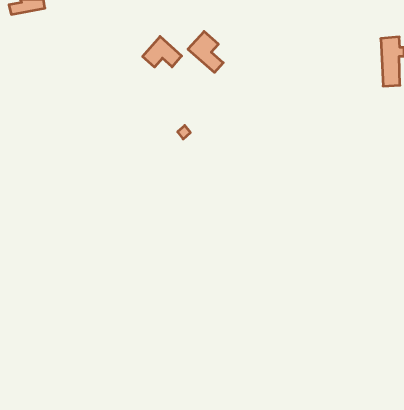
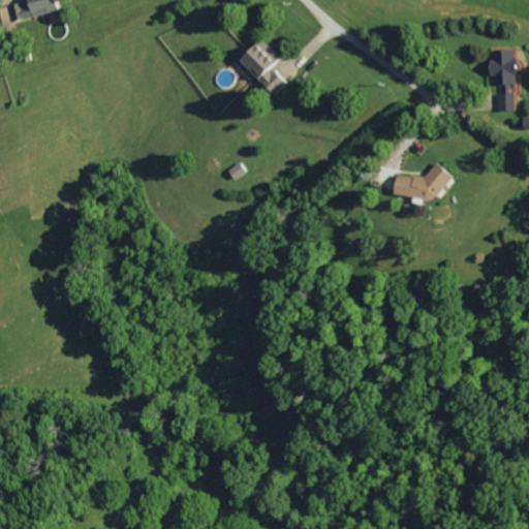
building: [143,36,182,67] -> none
building: none -> [393,166,448,200]

